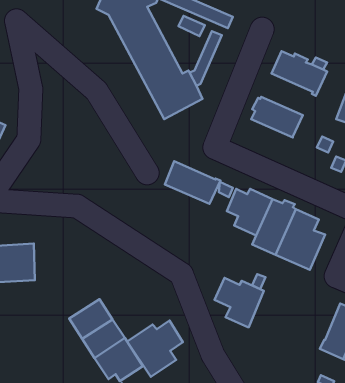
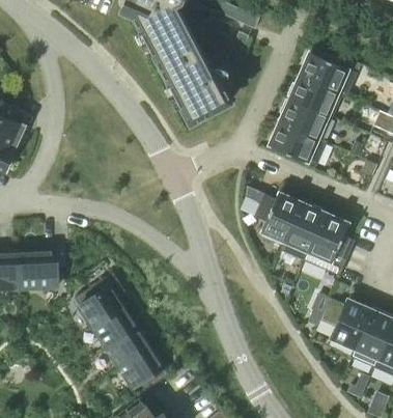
building: none -> [287,76,342,118]
building: [165,161,221,204] -> [270,122,327,166]
building: none -> [74,274,124,327]
building: [214,278,264,327] -> [319,298,370,349]
building: [127,320,183,377] -> none

